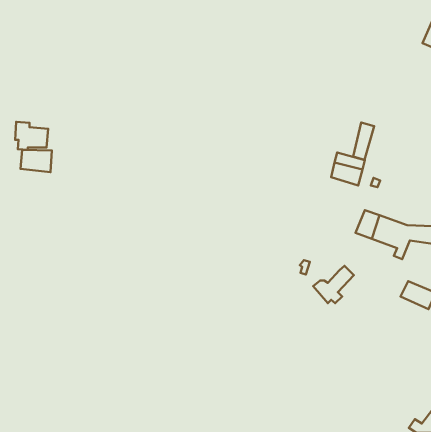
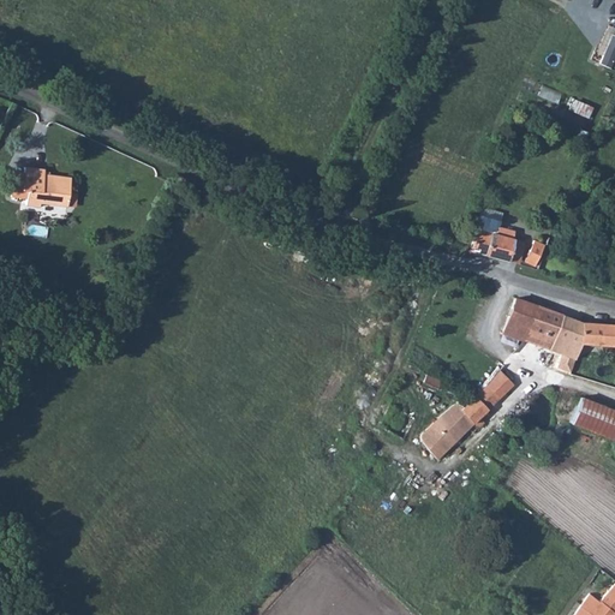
building: [353,123,374,160] -> none
building: [21,150,52,172] -> none
building: none -> [425,407,467,450]

